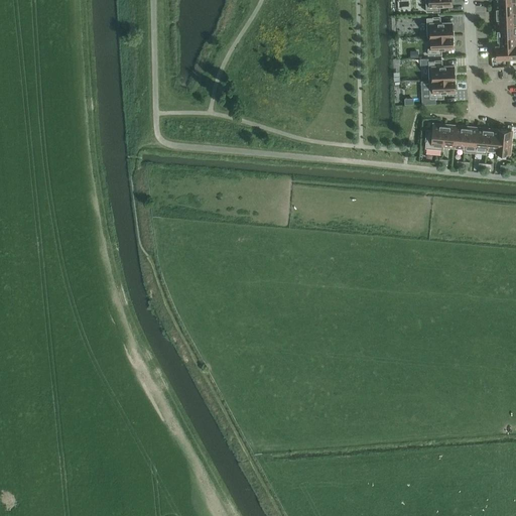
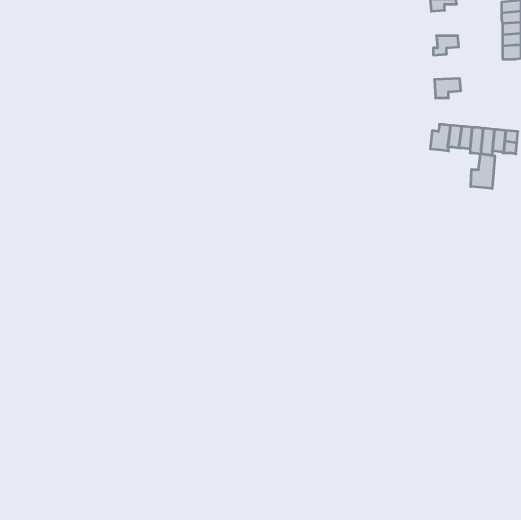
building: [427,16,453,36] -> none
building: [428,59,455,79] -> none
building: none -> [471,154,495,189]

